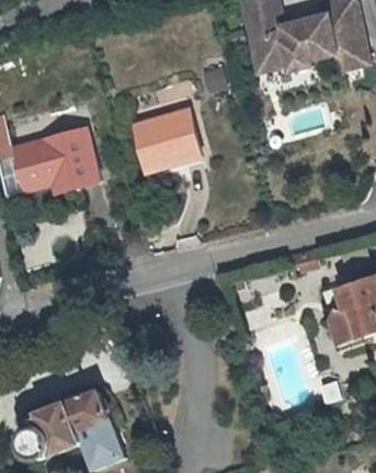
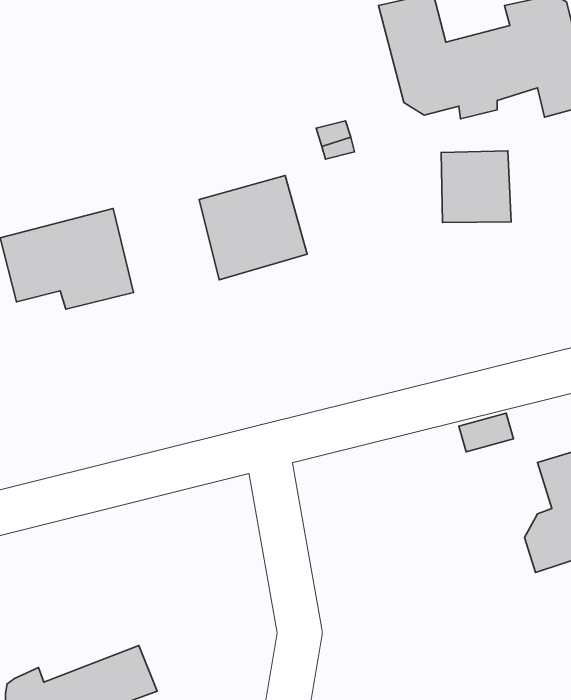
building: none -> [441,151,511,223]

